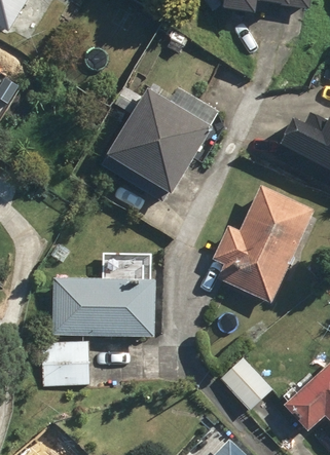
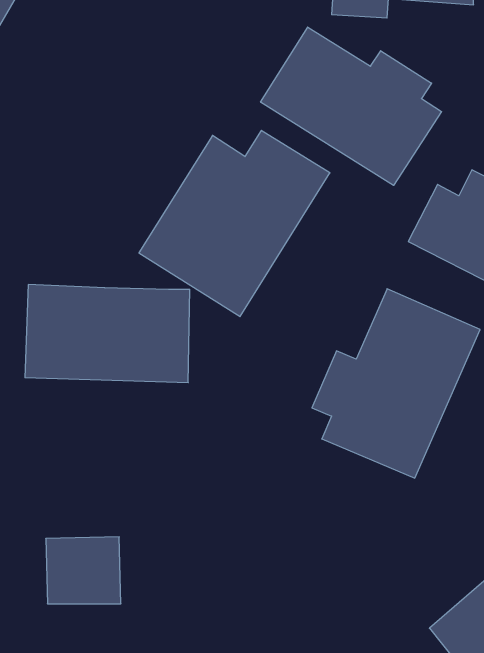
building: none -> [261,27,442,185]
building: [51,276,155,338] -> [25,285,190,383]
building: [219,356,272,411] -> none

